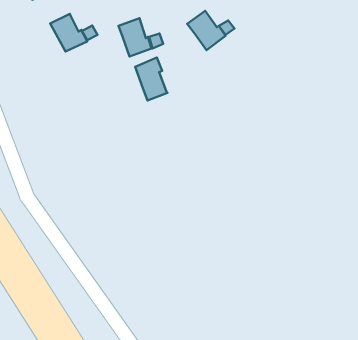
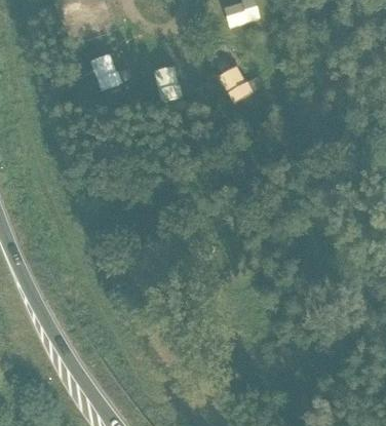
building: [135,57,167,101] -> none

